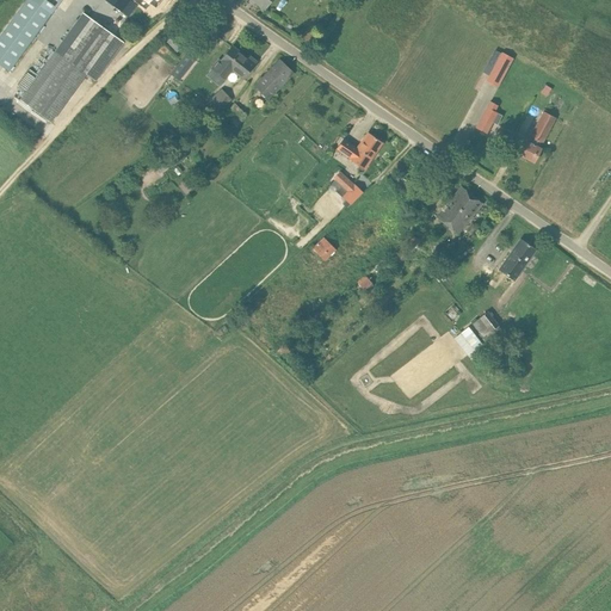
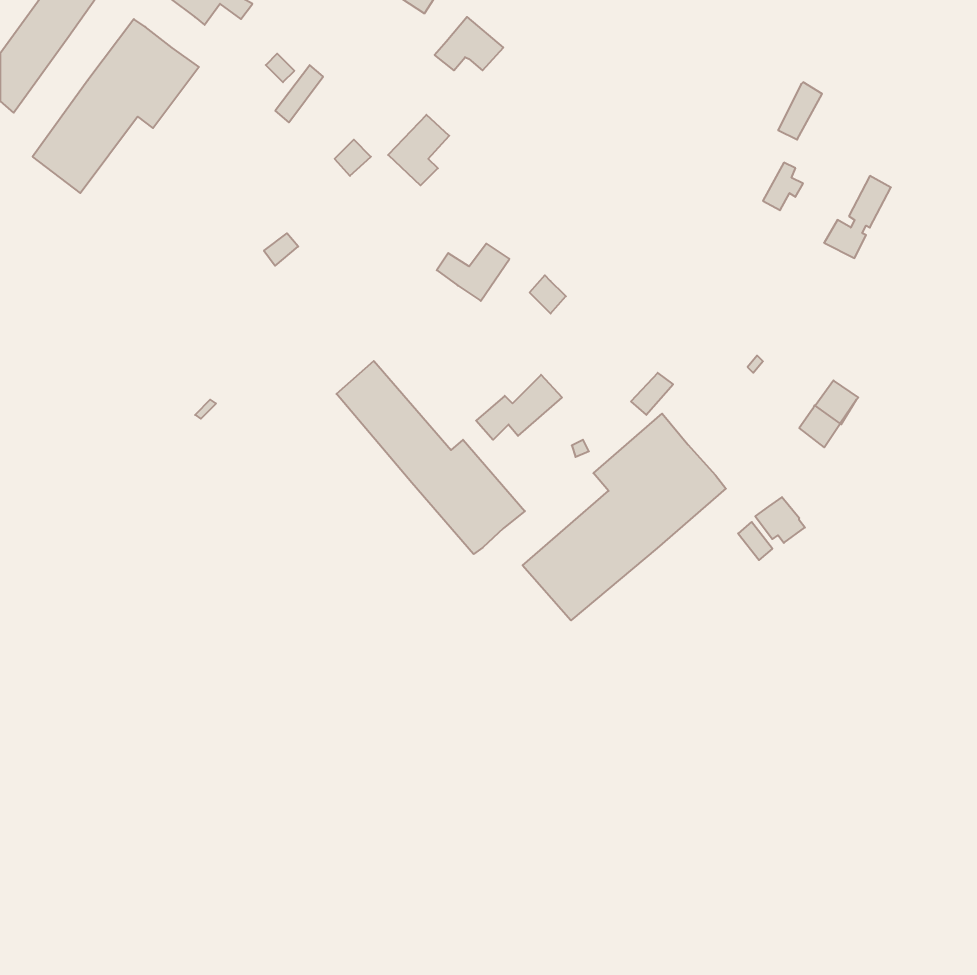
building: [212,44,255,78] -> [435,17,503,70]
building: [337,131,382,167] -> [437,244,509,301]
building: [436,185,482,233] -> none
building: none -> [336,361,525,554]
building: none -> [523,414,726,620]

